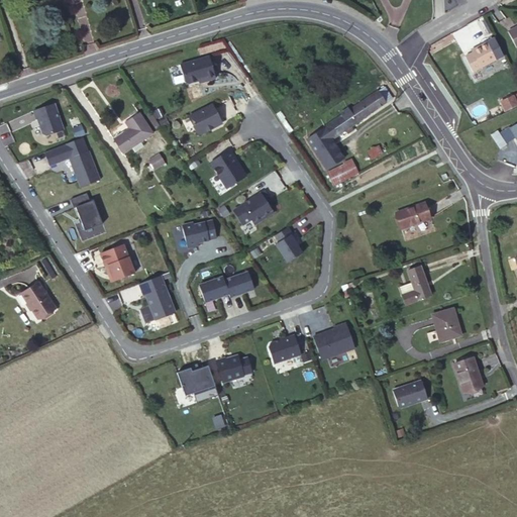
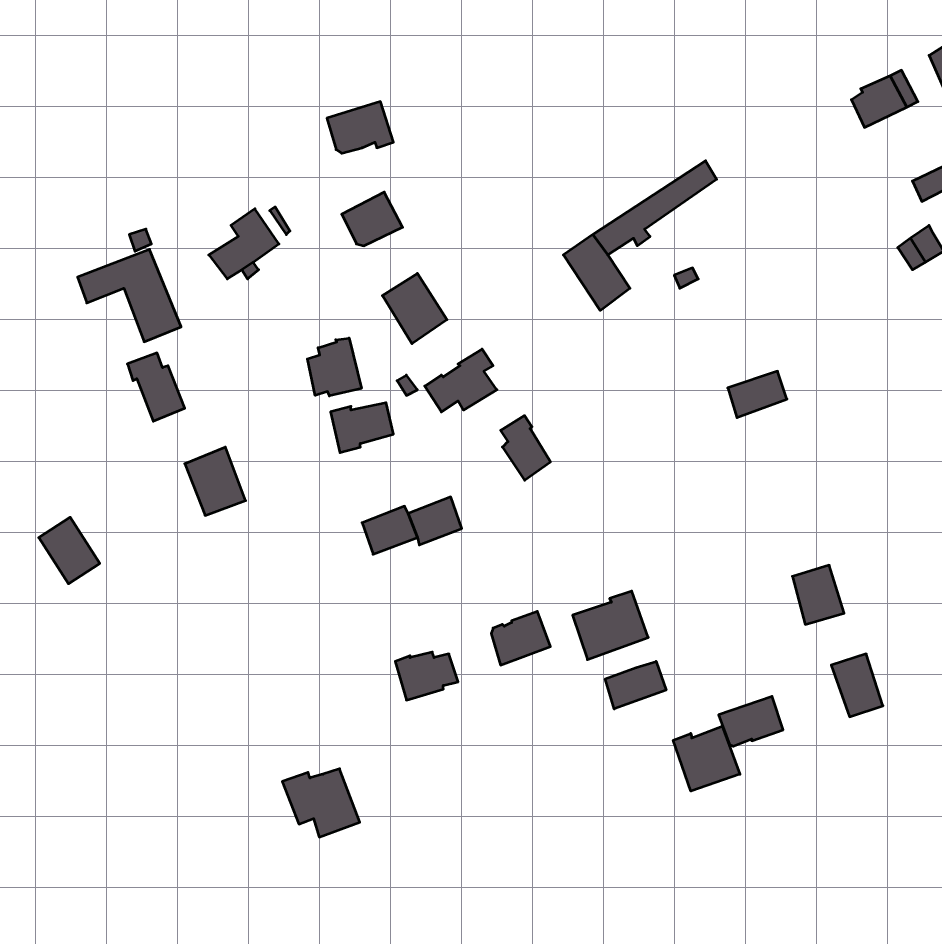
building: [33,103,63,135] -> none
building: [329,159,359,185] -> none
building: none -> [307,338,361,396]
building: [404,267,432,304] -> none
building: [138,276,175,324] -> none
building: none -> [605,661,666,709]
building: [176,365,218,402] -> [282,769,360,837]
building: none -> [673,726,740,791]

